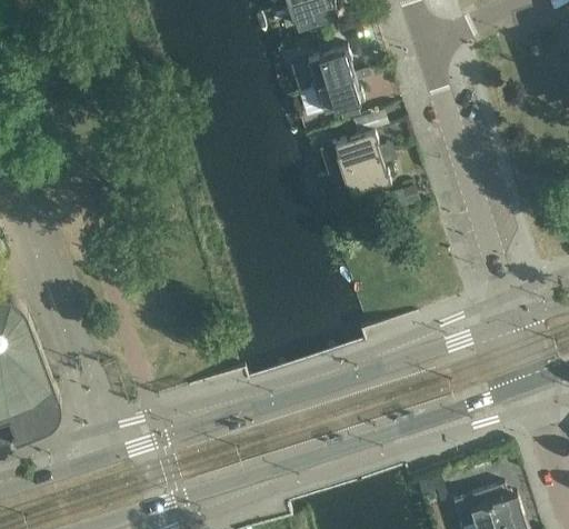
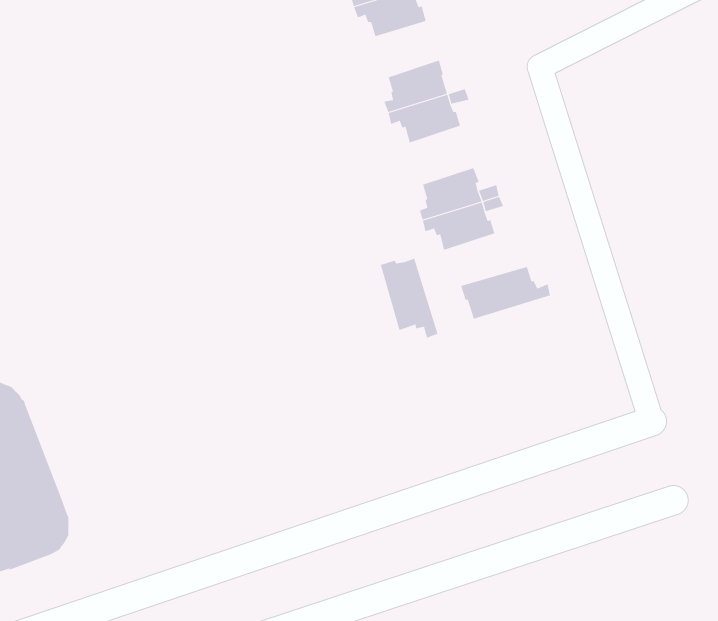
building: none -> [380,258,438,338]
building: none -> [460,266,551,320]

